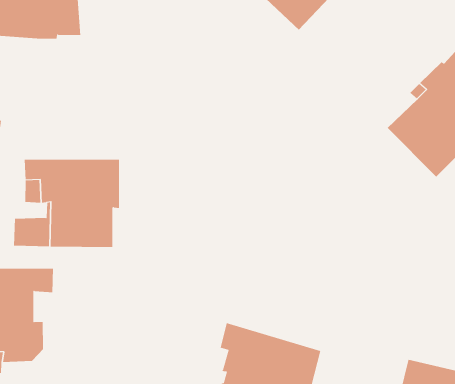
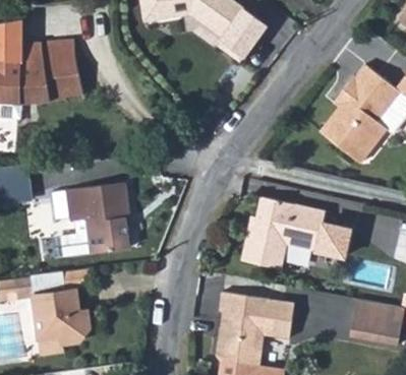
building: none -> [241,196,350,268]

